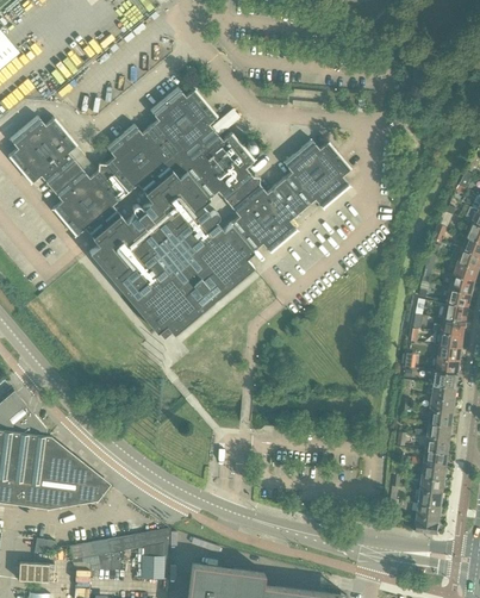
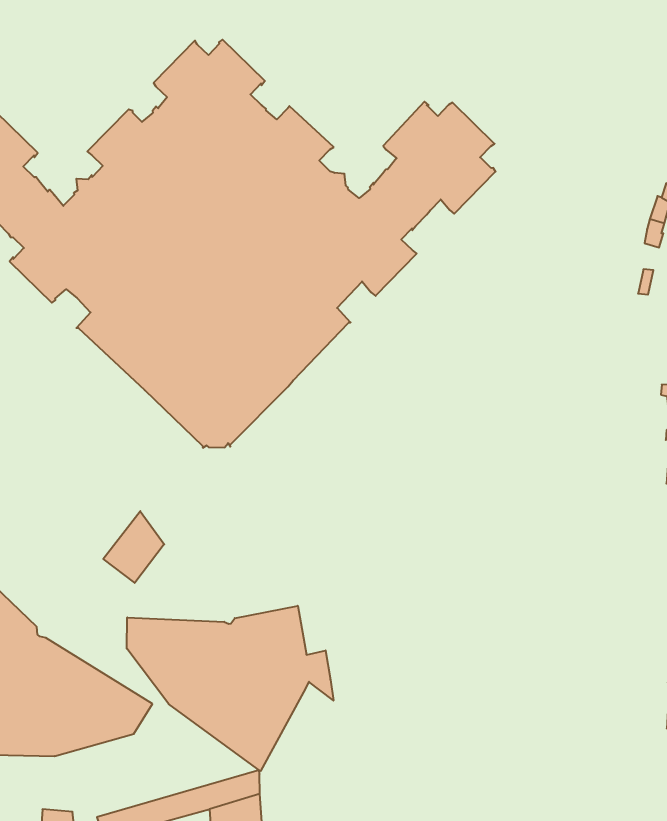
building: none -> [103,511,164,583]
building: none -> [127,606,333,771]

